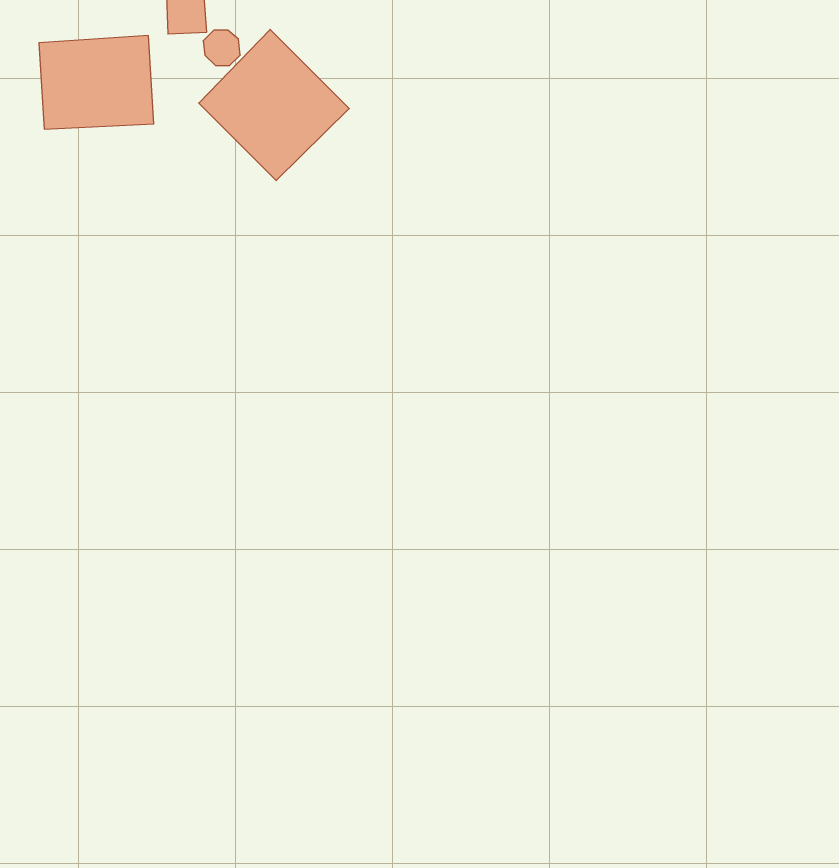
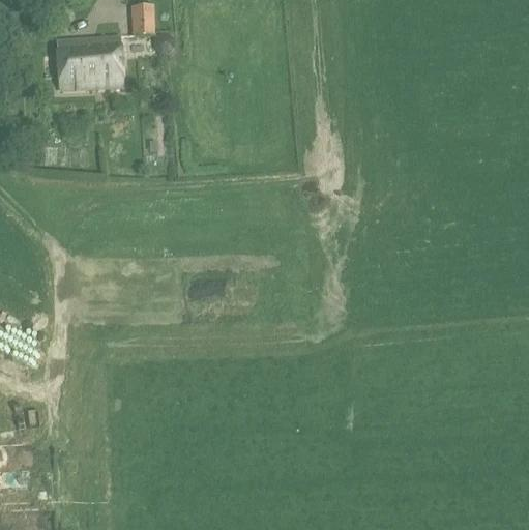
building: [199,29,349,181] -> none

